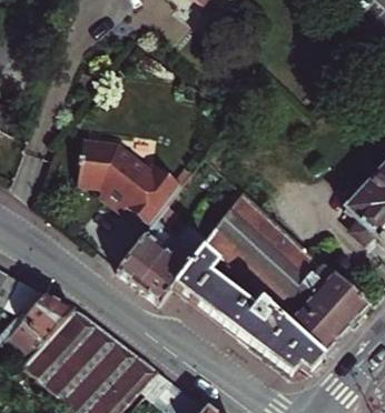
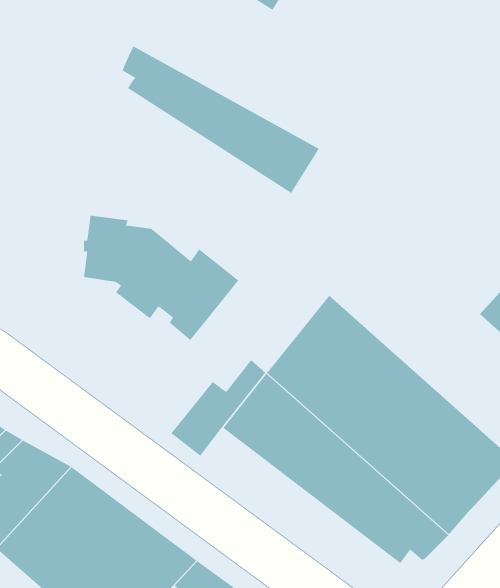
building: none -> [123,45,319,194]
building: [116,214,172,288] -> none

